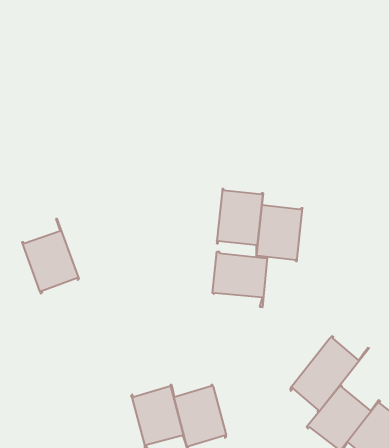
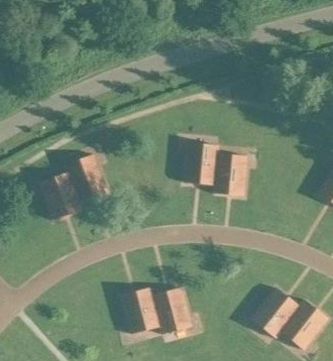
building: none -> [67,153,108,209]
building: [212,252,267,307] -> none
building: [290,336,369,412] -> none

